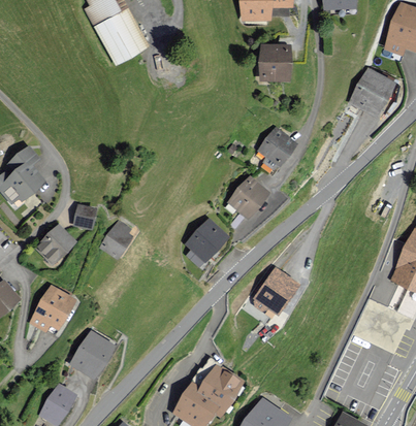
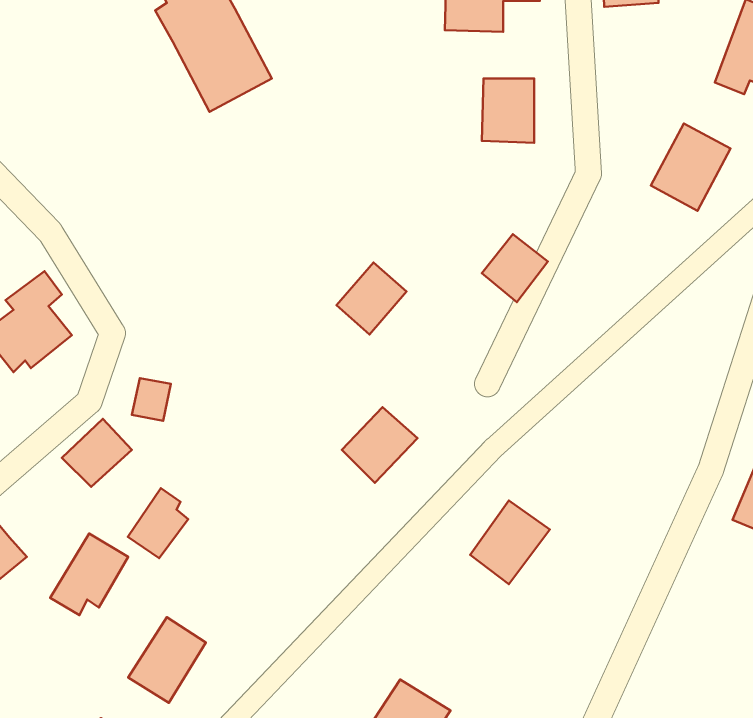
building: [229,177,266,216] -> [337,262,407,334]
building: [100,221,132,258] -> [128,488,188,558]

